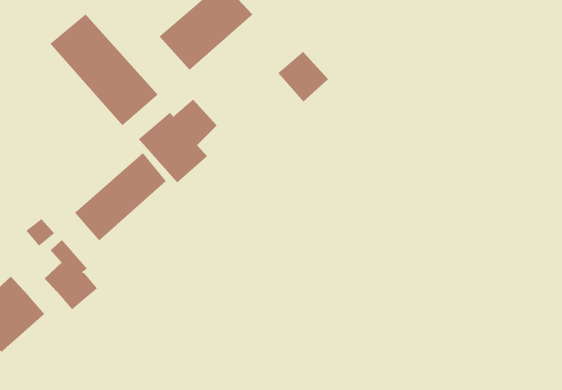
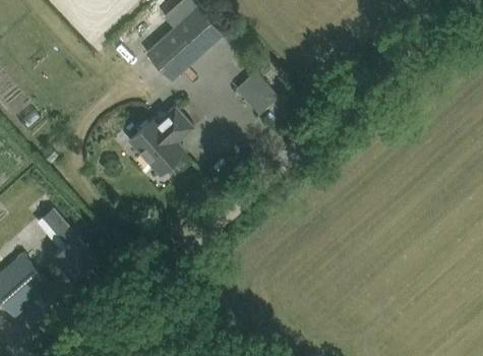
building: [49,14,158,126] -> none
building: [74,152,167,241] -> none

